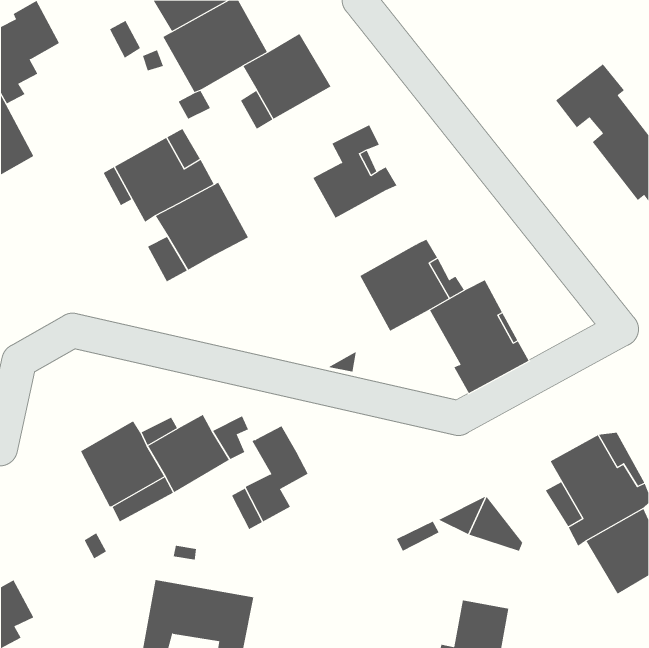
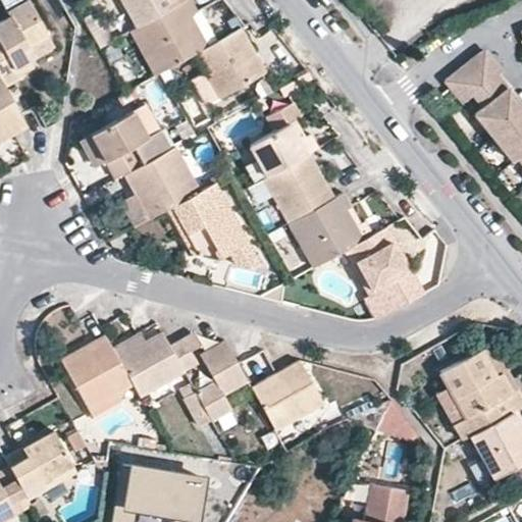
building: none -> [265,154,334,222]
building: none -> [172,182,260,268]
building: none -> [251,360,324,430]
building: none -> [7,431,72,497]

